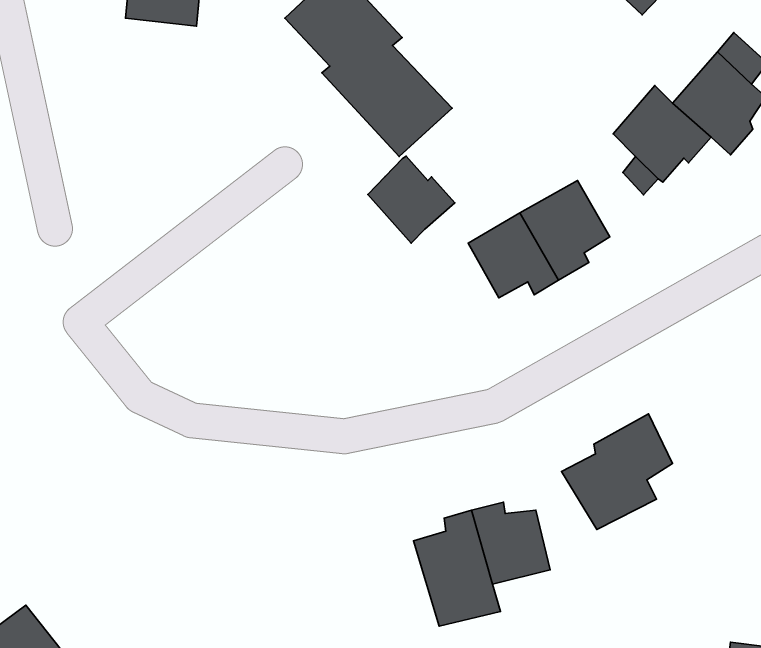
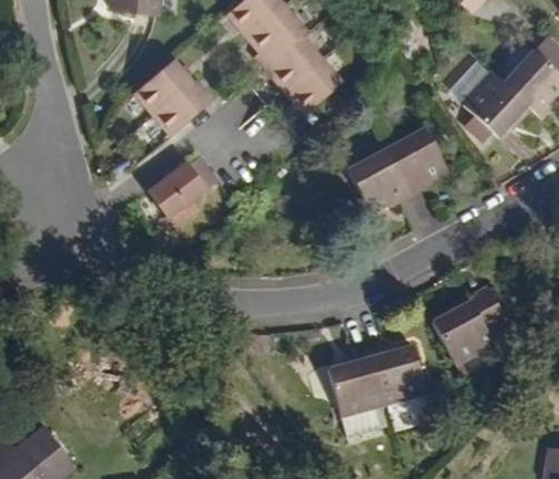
building: none -> [136,61,210,135]
building: [368,156,455,243] -> none
building: none -> [150,156,214,223]

